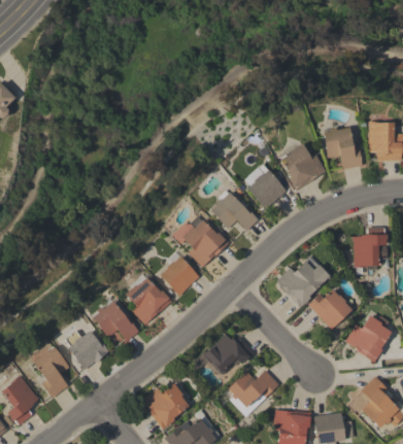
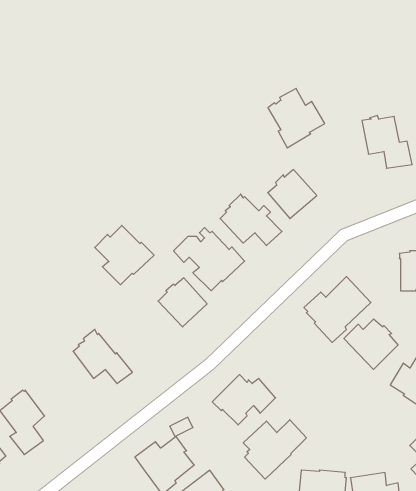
building: [280,143,326,191] -> [268,89,325,148]
building: [125,277,172,325] -> [95,225,154,285]
building: [67,330,107,370] -> none

